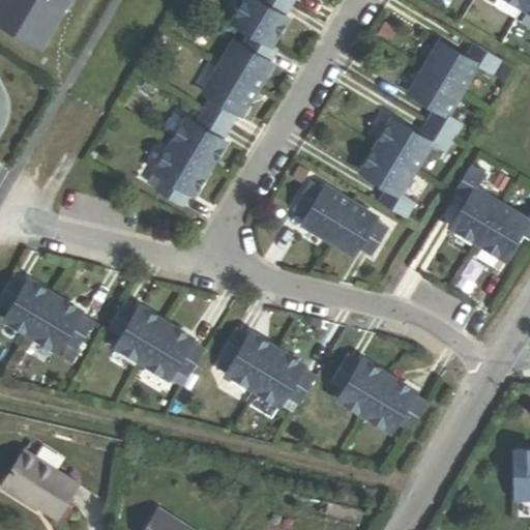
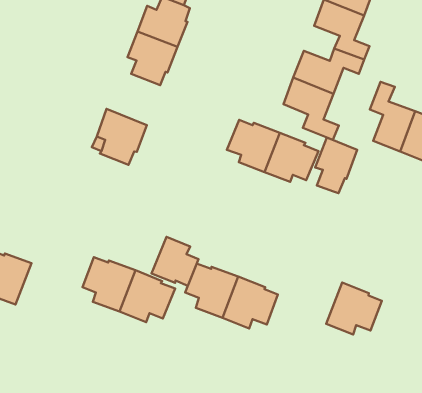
building: [168,111,230,169] -> none
building: none -> [315,138,357,193]
building: none -> [152,237,198,286]
building: [33,296,97,354] -> none
building: [329,353,389,416] -> none

